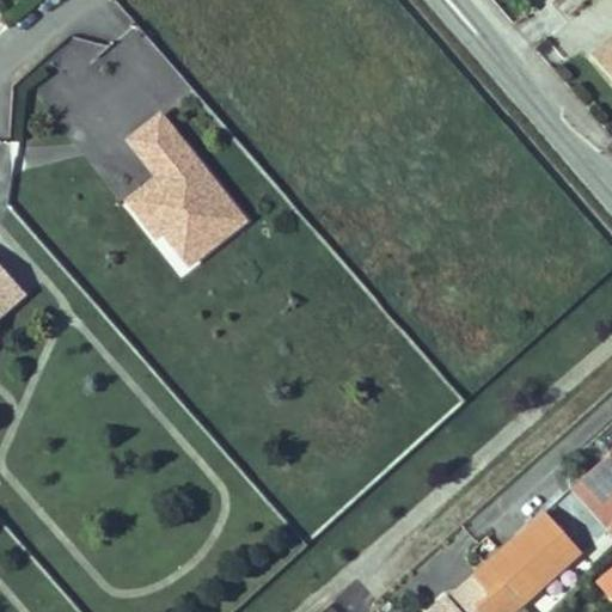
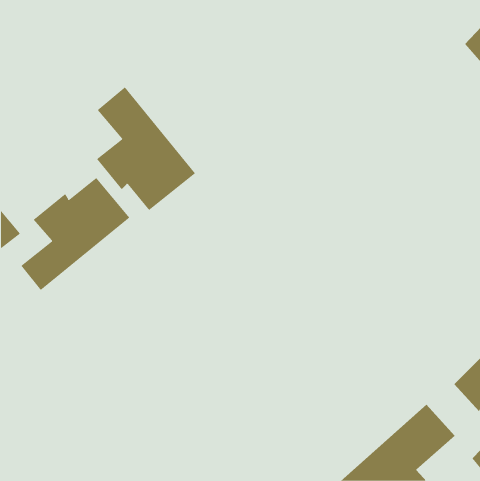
building: none -> [21,177,130,291]

